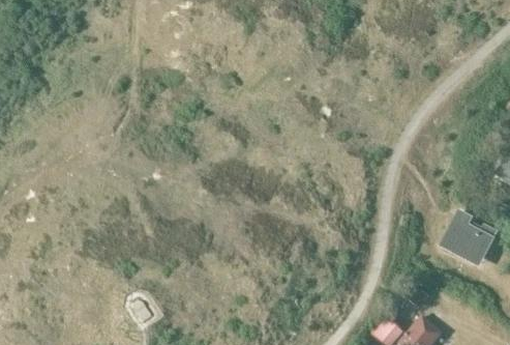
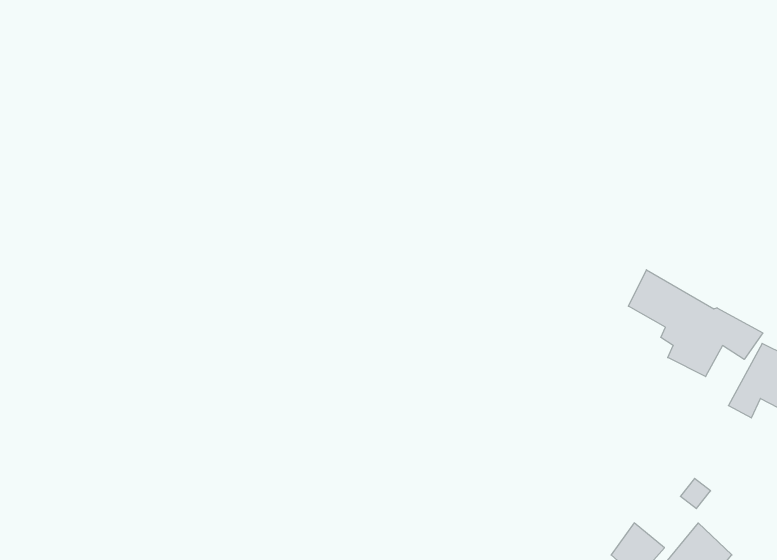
building: none -> [628,270,763,377]

